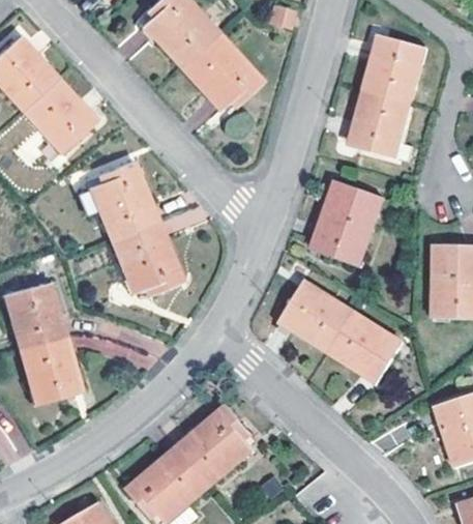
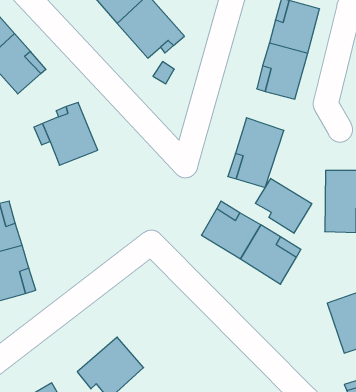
building: [109,219,180,290] -> none
building: none -> [255,178,312,233]
building: [179,403,255,484] -> none

